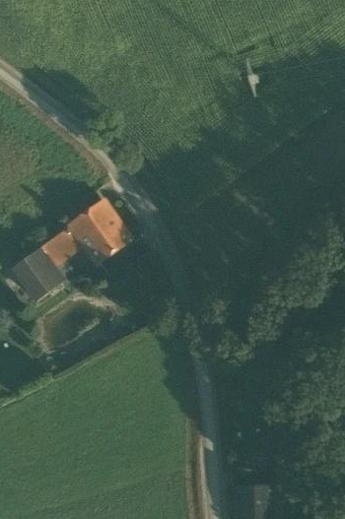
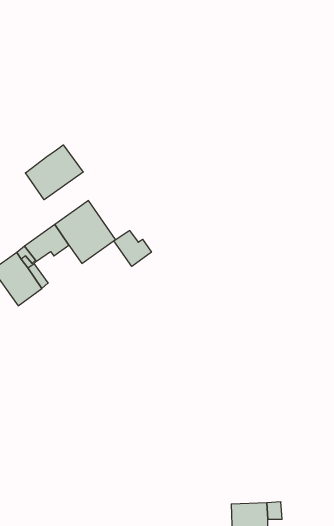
building: none -> [25,145,83,200]
building: none -> [114,231,151,266]

